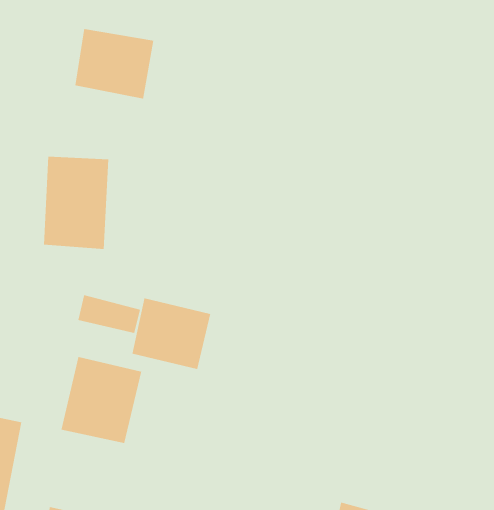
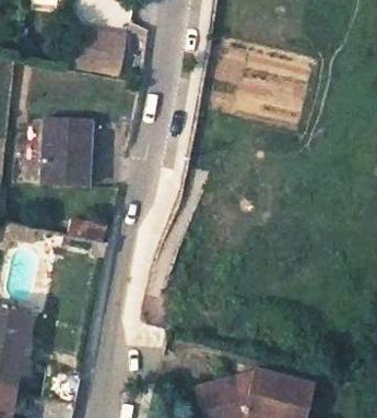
building: [132,298,211,370] -> none
building: [61,356,142,444] -> none

